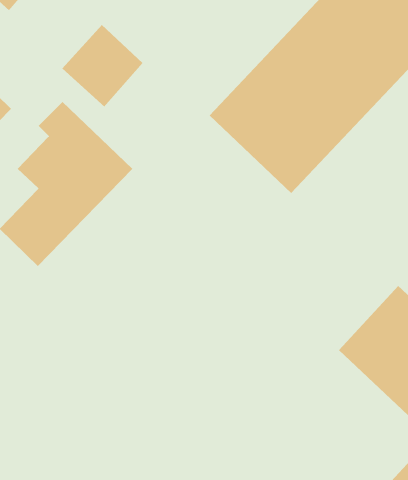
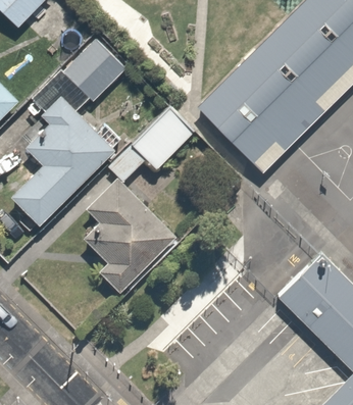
building: none -> [111,111,194,180]
building: none -> [84,183,171,293]

